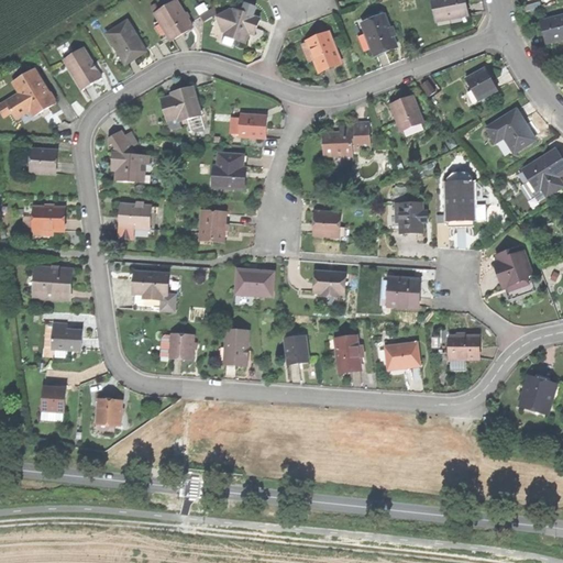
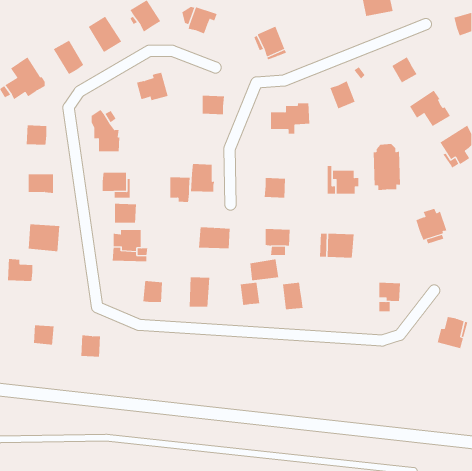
building: [361,14,396,54] -> none
building: [216,153,245,187] -> [190,164,215,192]
building: none -> [115,203,137,224]
building: none -> [250,258,279,281]
building: [51,322,81,350] -> [7,258,33,282]
building: [386,342,419,368] -> none

